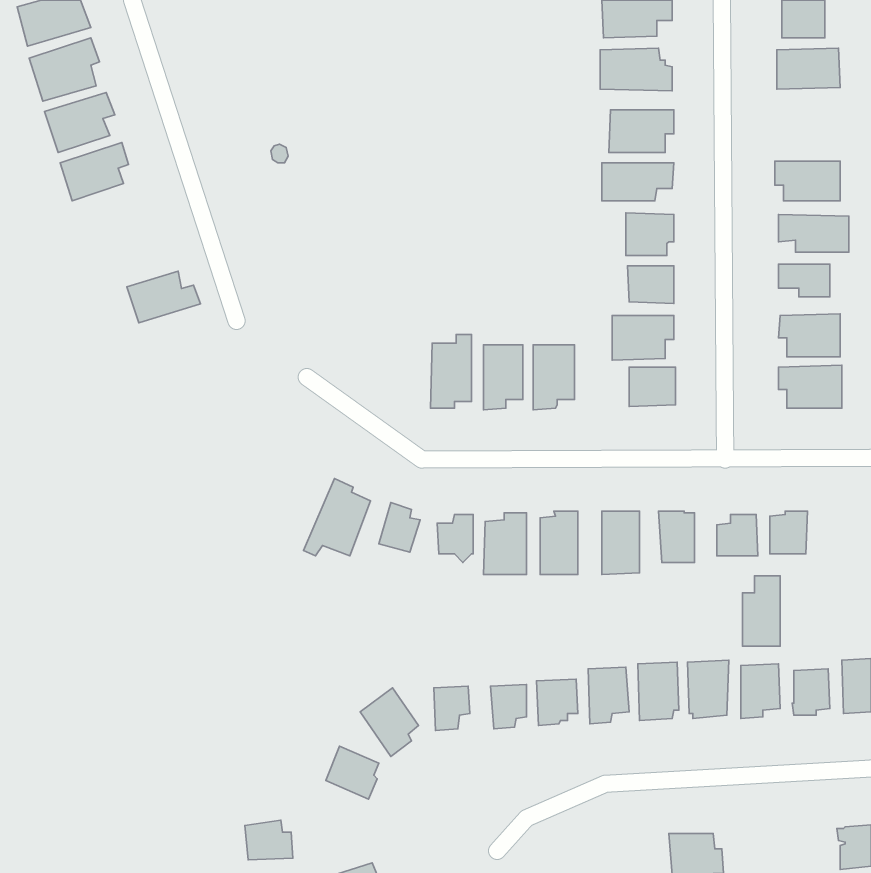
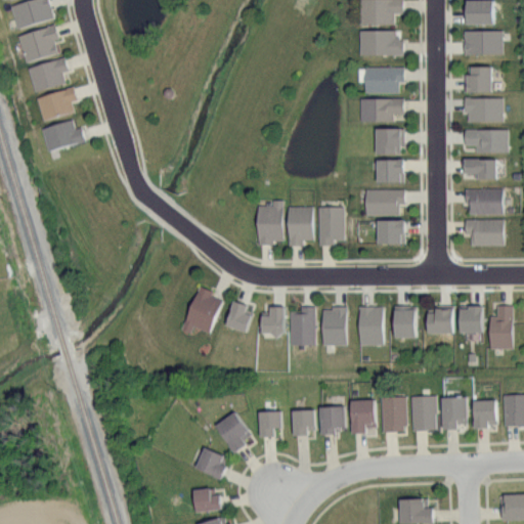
building: none -> [467,68,490,92]
building: [127,271,200,323] -> [41,121,85,151]
building: [742,576,780,646] -> [489,307,512,349]
building: [245,820,293,860] -> [191,488,220,512]

